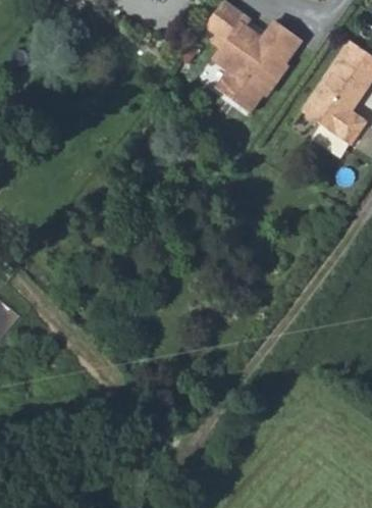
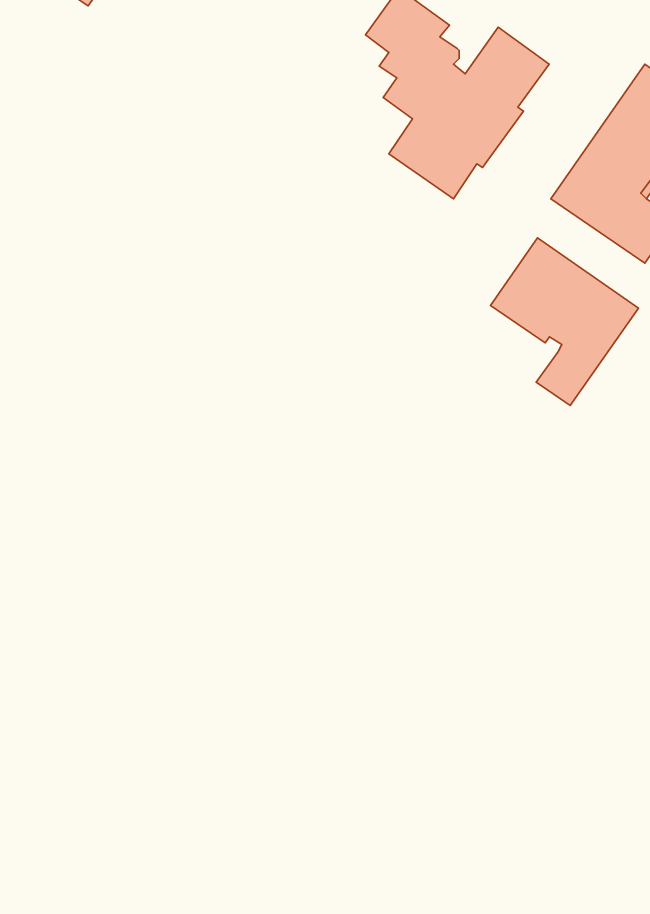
building: none -> [490,238,639,406]

